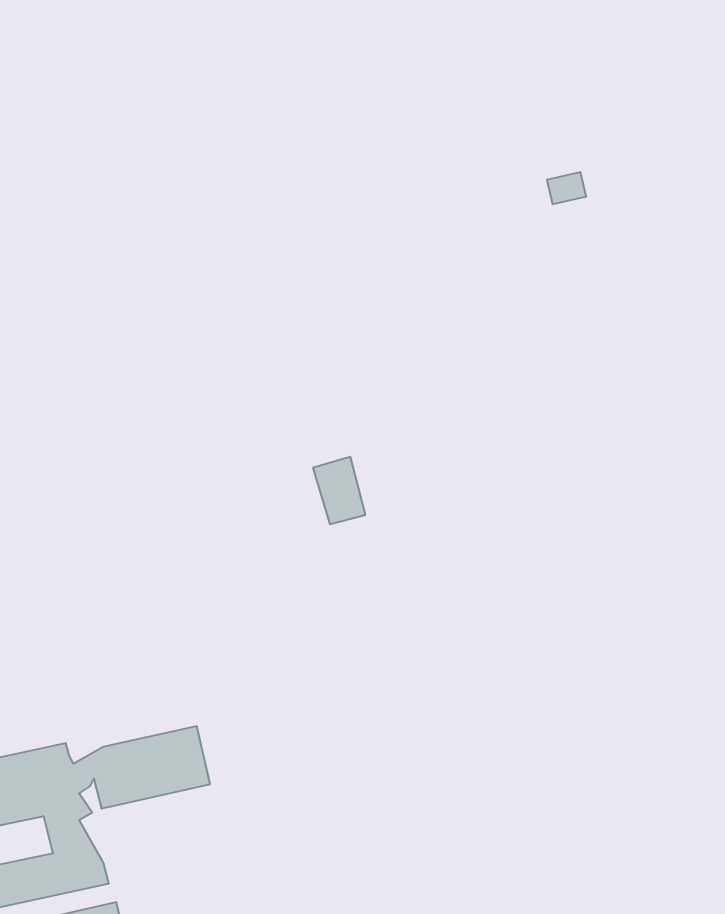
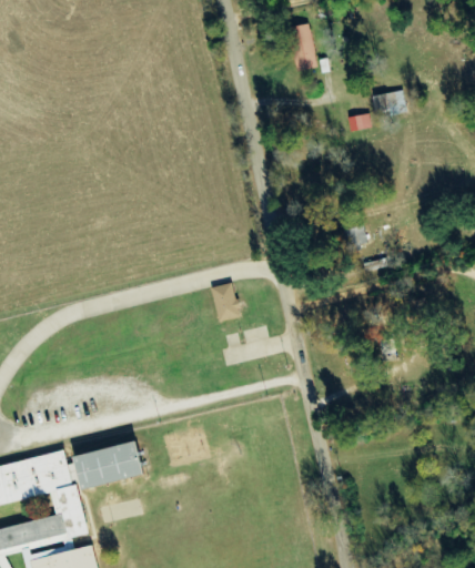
building: none -> [287,23,315,70]
building: none -> [373,89,405,113]

